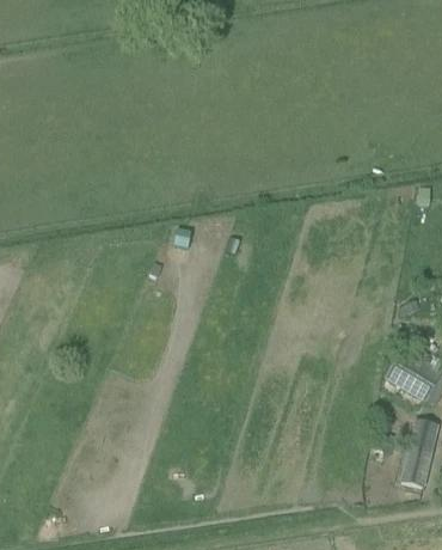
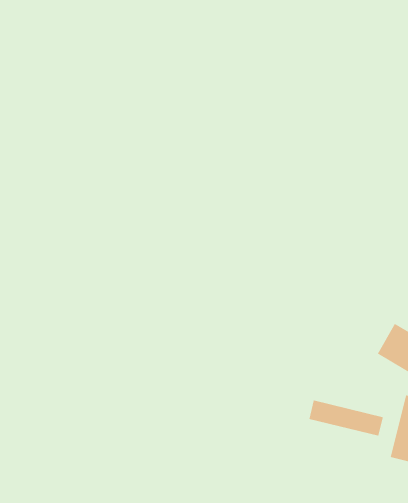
building: none -> [309,399,384,437]

